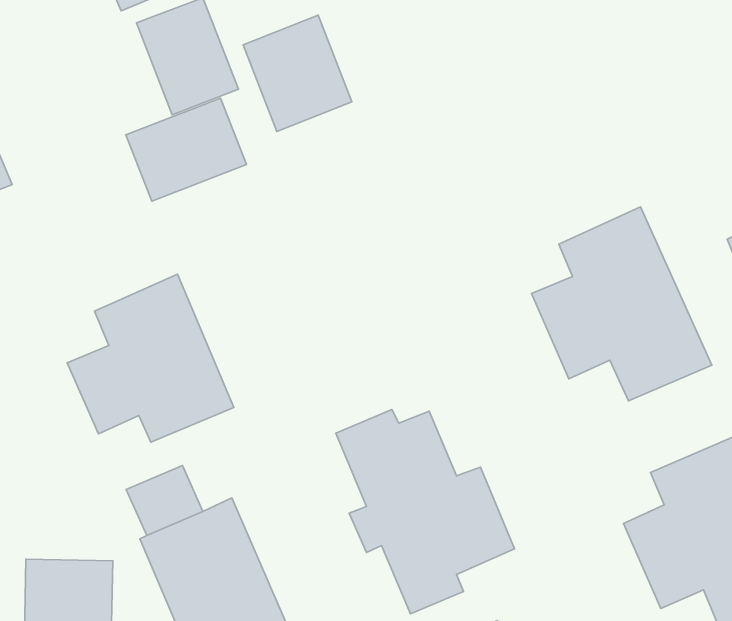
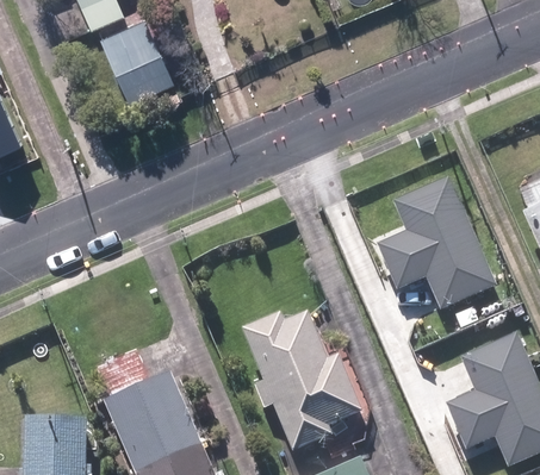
building: [243,15,352,131] -> none
building: [126,98,246,201] -> none
building: [67,274,234,442] -> none

